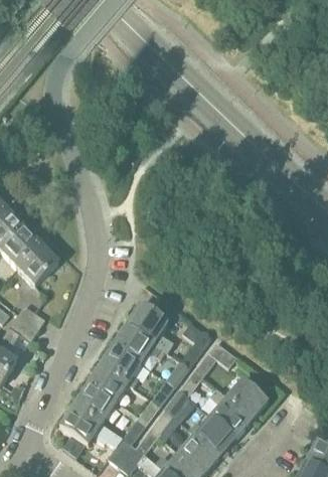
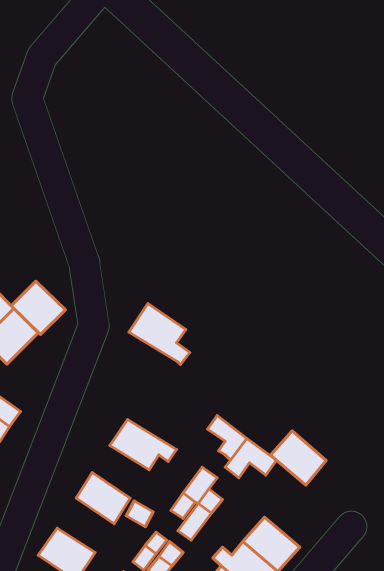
building: none -> [11,281,65,335]
building: [125,303,170,348] -> [129,304,190,365]
building: [99,343,141,382] -> none
building: [226,378,268,419] -> [271,431,326,485]
building: [72,382,115,423] -> none

